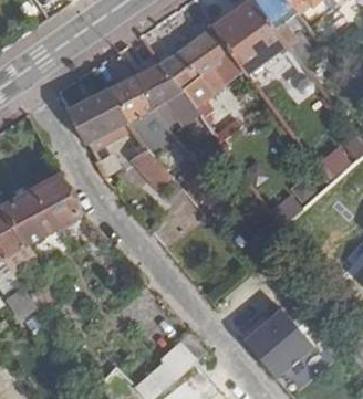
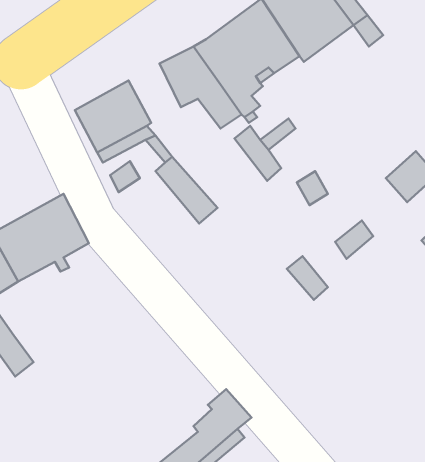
building: [110,76,151,123] -> none
building: [241,309,311,379] -> none

